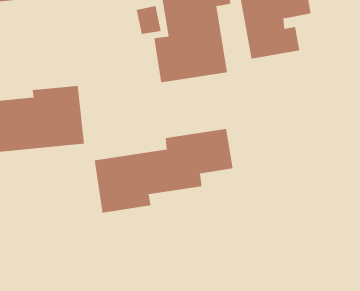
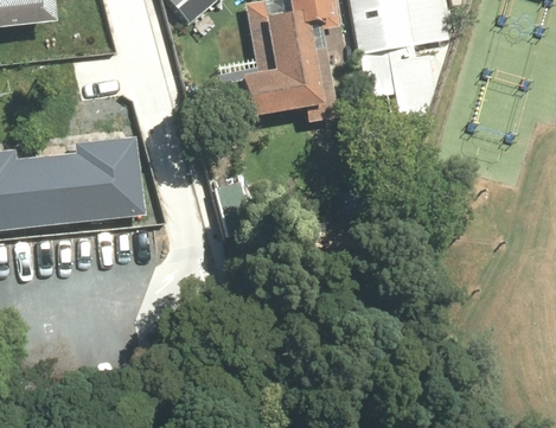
building: [94,128,233,213] -> none

